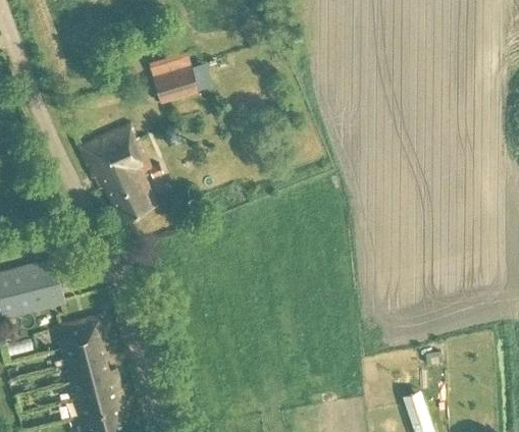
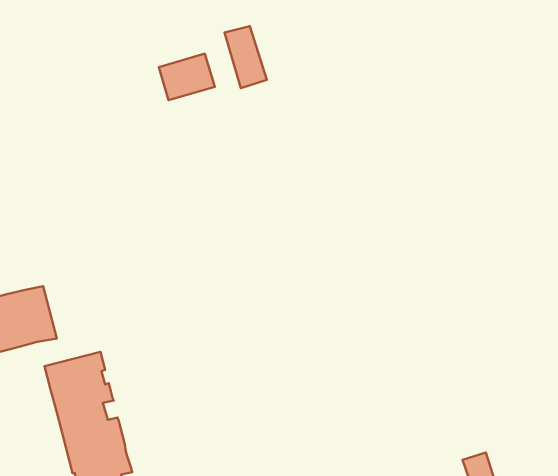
building: none -> [224,26,267,88]
building: [79,123,164,223] -> none

